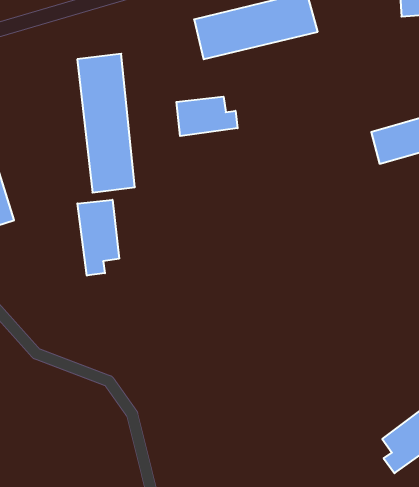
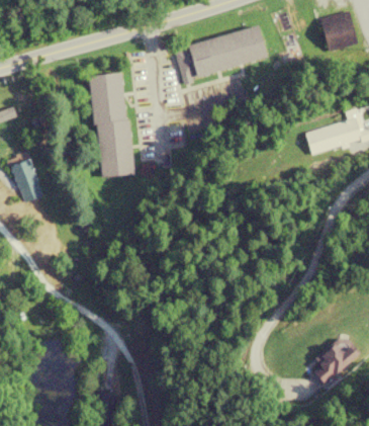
building: [176,97,238,136] -> none
building: [77,200,119,276] -> none

